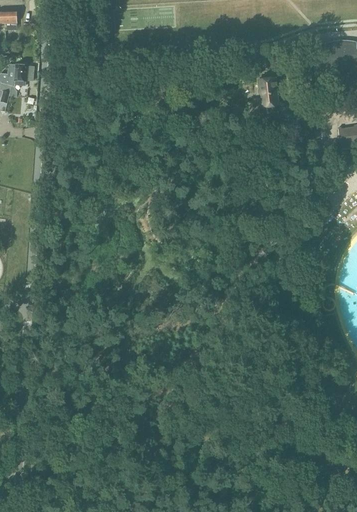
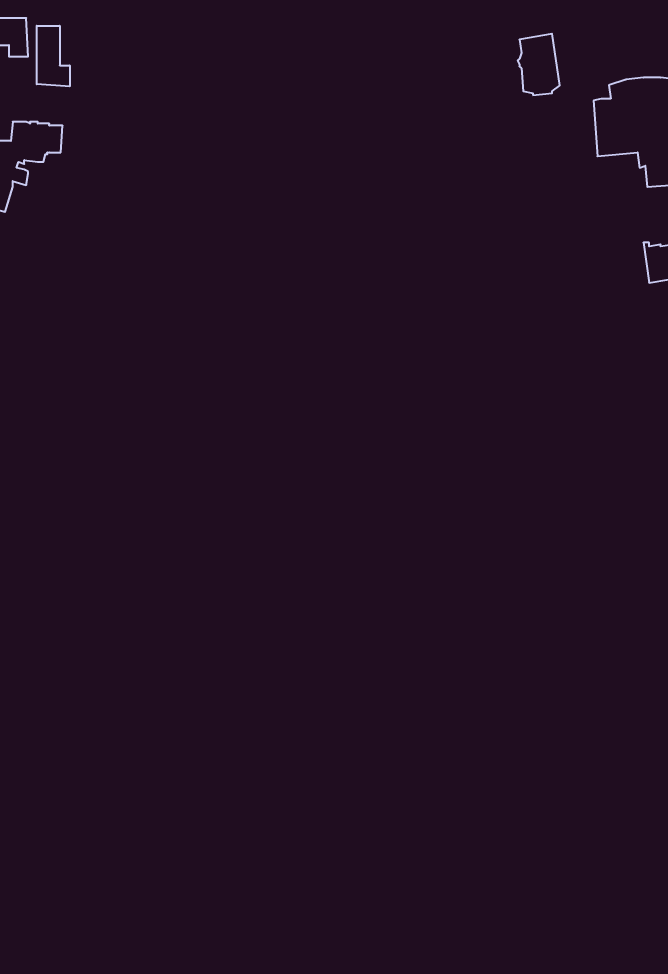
building: none -> [37,26,70,86]
building: [256,77,278,109] -> [518,34,560,95]

